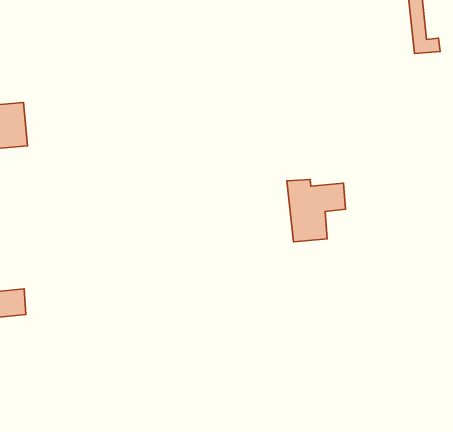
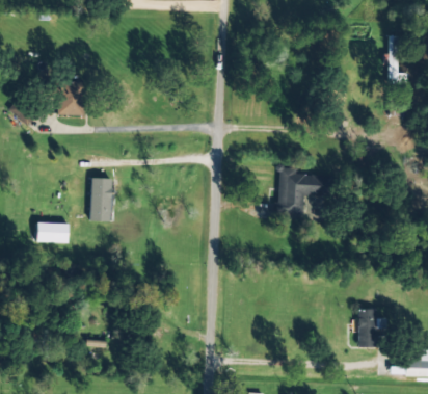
building: none -> [90,178,111,221]
building: none -> [357,309,376,347]

